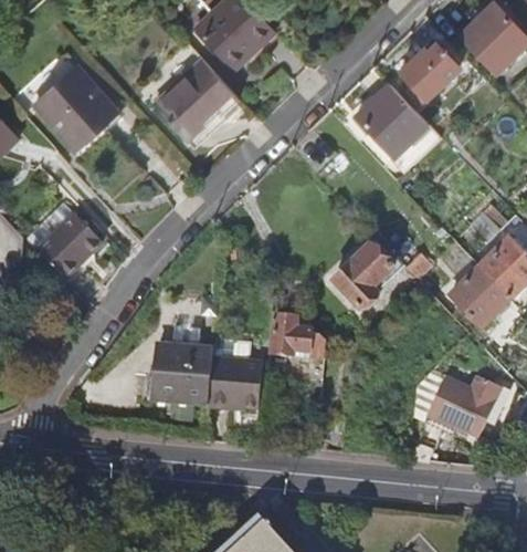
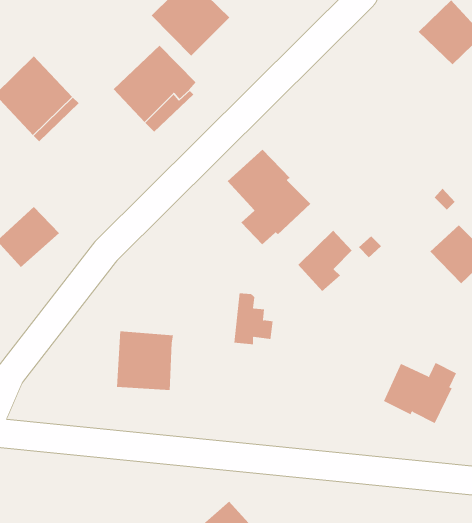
building: [407,50,463,103] -> none
building: [356,87,429,160] -> none
building: none -> [227,149,311,245]
building: [444,263,505,324] -> none
building: [209,356,262,408] -> none

